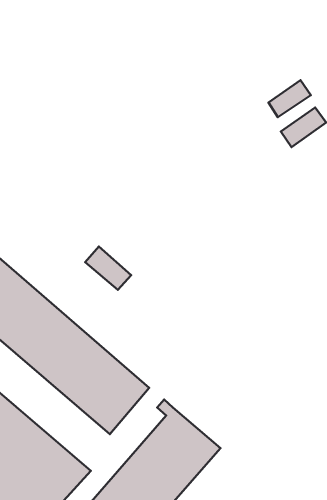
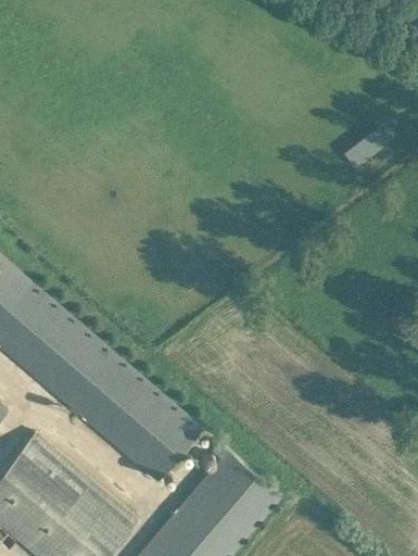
building: [268,80,311,117] -> none
building: [85,246,131,290] -> none

